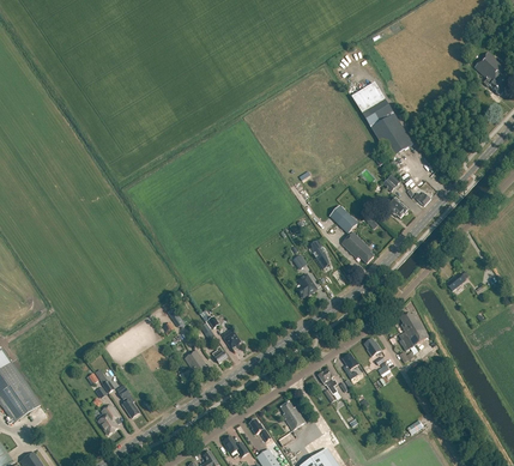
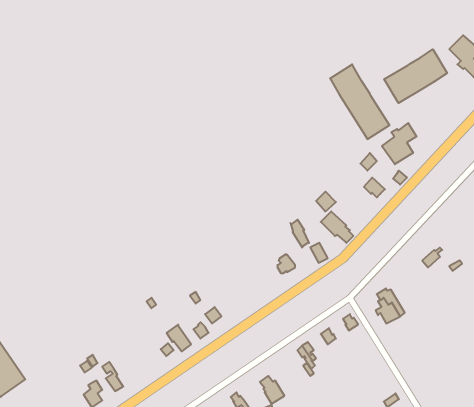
building: none -> [384,49,447,103]
building: none -> [382,123,417,164]

